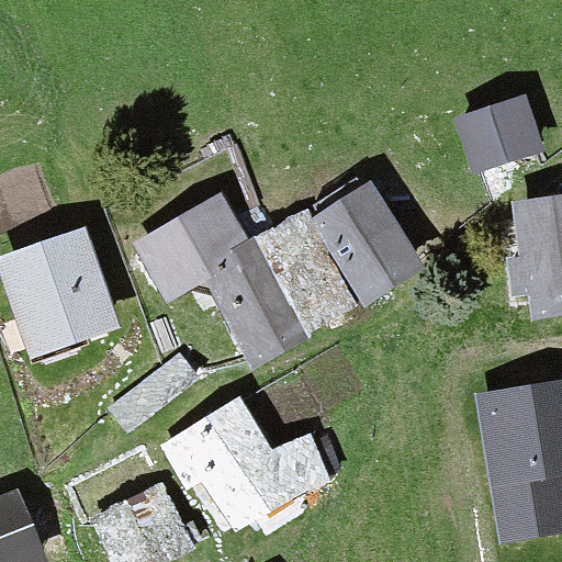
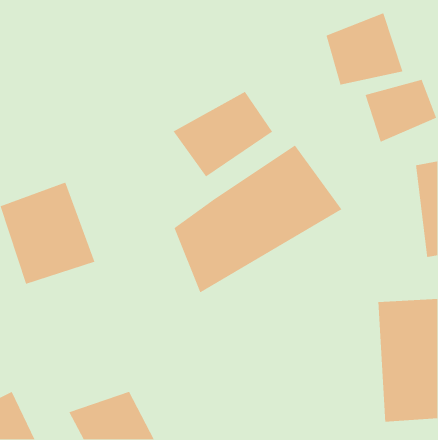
building: none -> [325,12,404,85]
building: [132,196,258,305] -> [172,91,273,178]
building: [171,398,308,526] -> none

